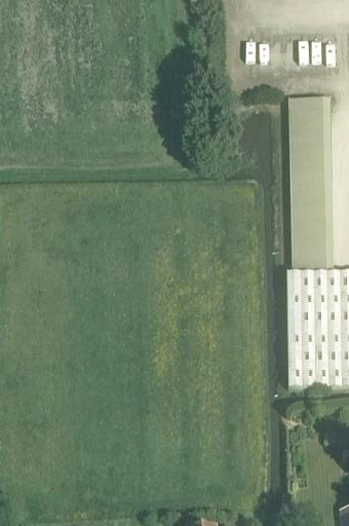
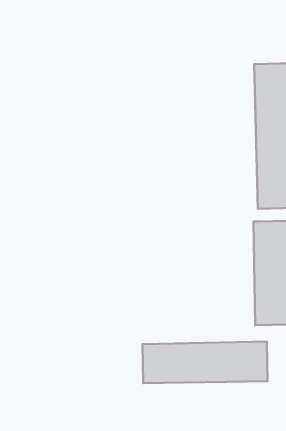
building: none -> [143,341,268,383]

